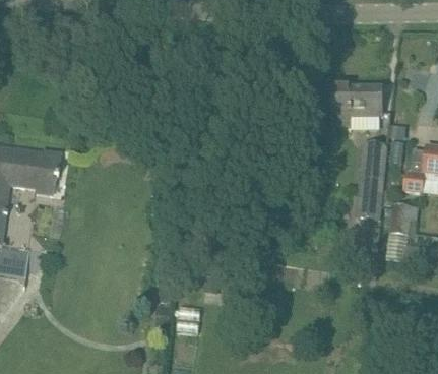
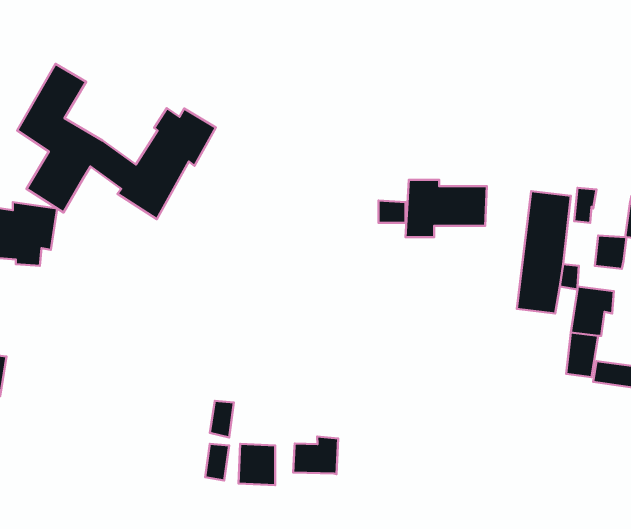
building: none -> [17,64,216,219]
building: [330,82,382,119] -> [406,180,487,237]
building: none -> [293,436,338,474]

